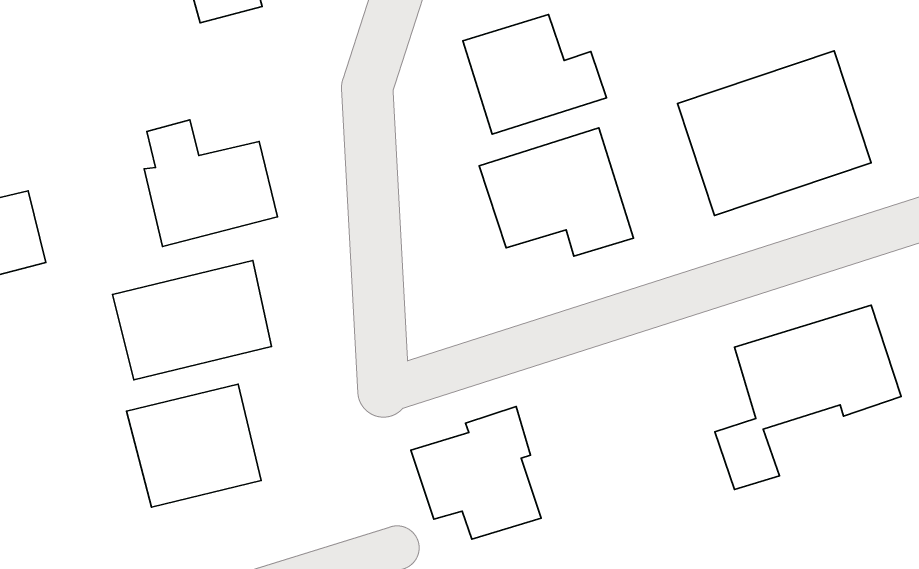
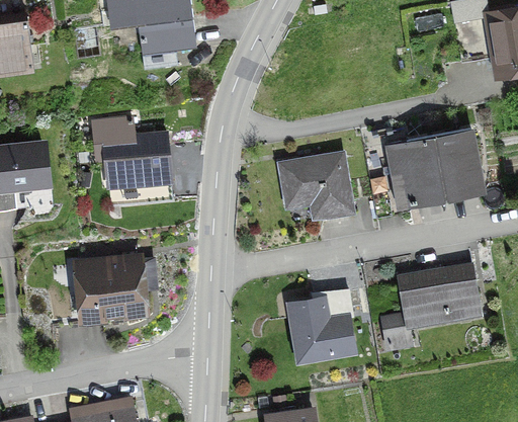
building: [463,15,607,134] -> none
building: [113,260,272,380] -> none
building: [411,406,541,539] -> [289,289,352,355]

